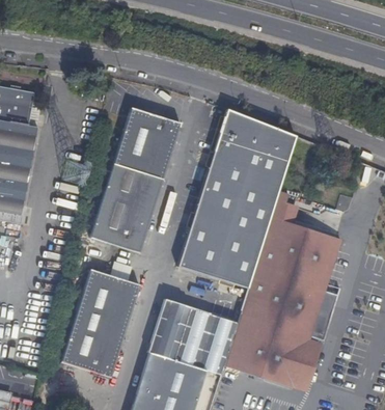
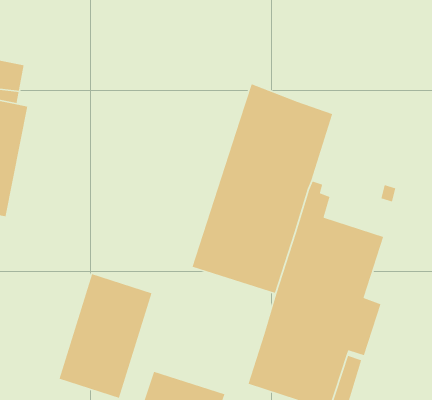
building: [89,106,184,255] -> none
building: [148,299,238,375] -> none

